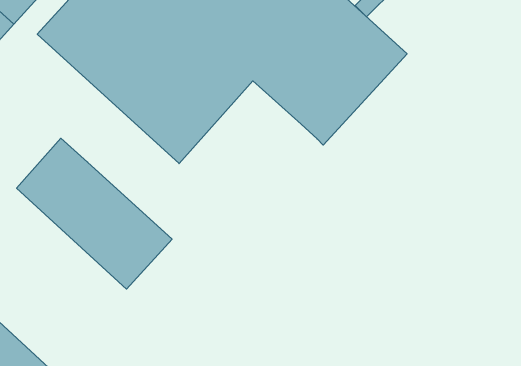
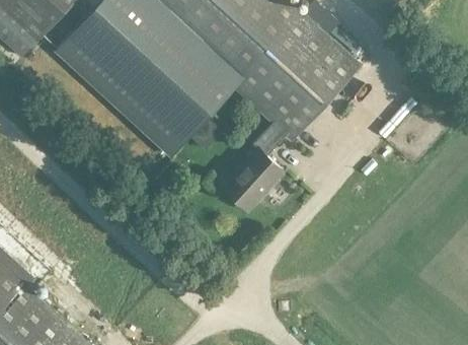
building: none -> [222,123,286,211]
building: [17,138,172,289] -> none

